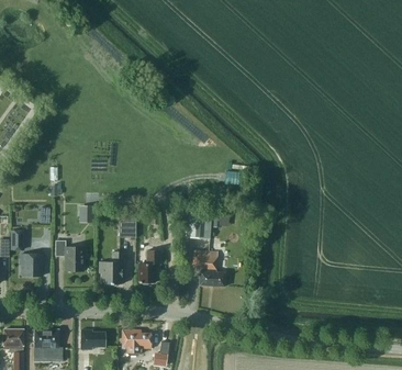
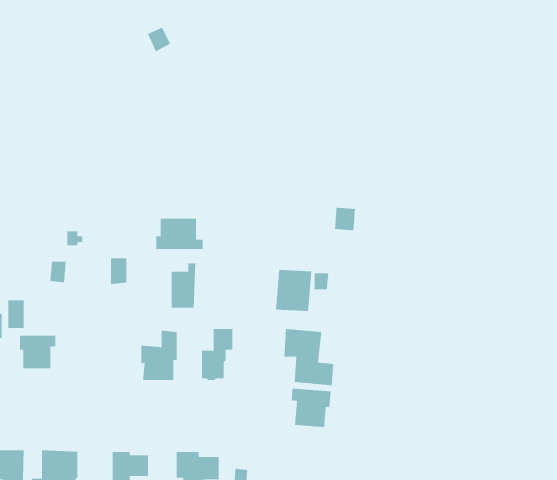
building: none -> [156,218,203,250]
building: [56,239,86,270] -> none
building: none -> [291,388,331,428]

